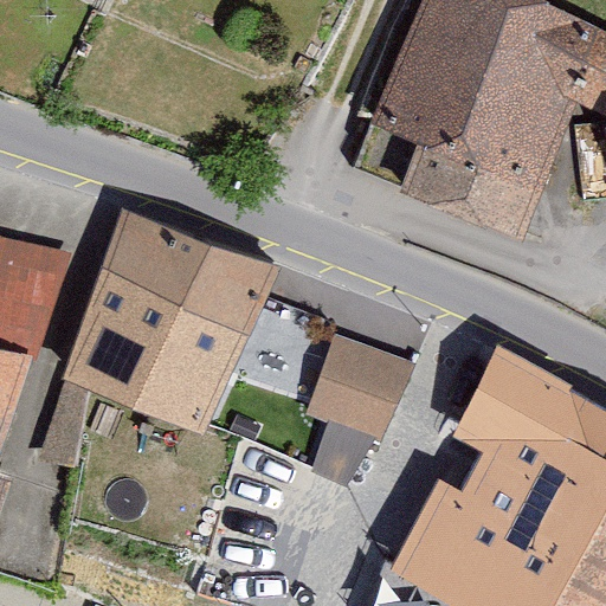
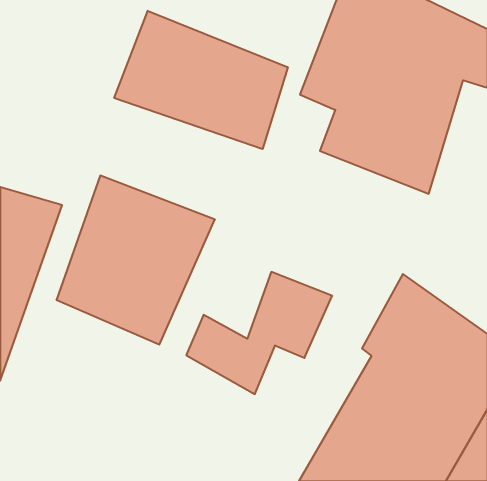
building: none -> [114,11,288,149]

